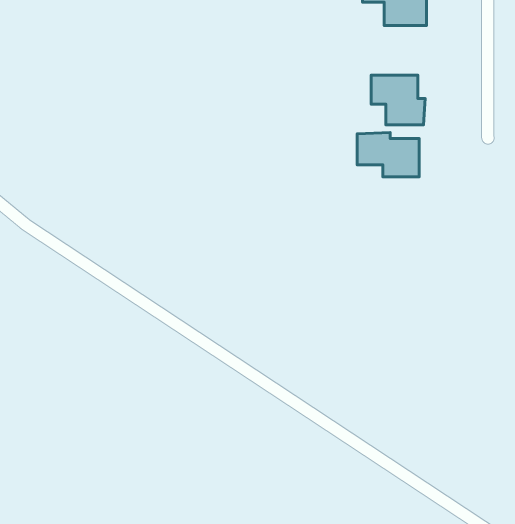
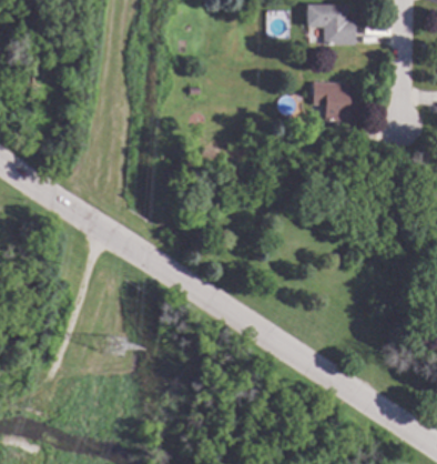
building: [357,132,419,177] -> none

